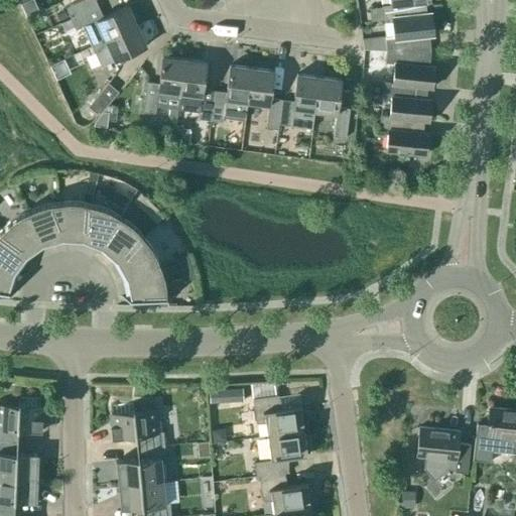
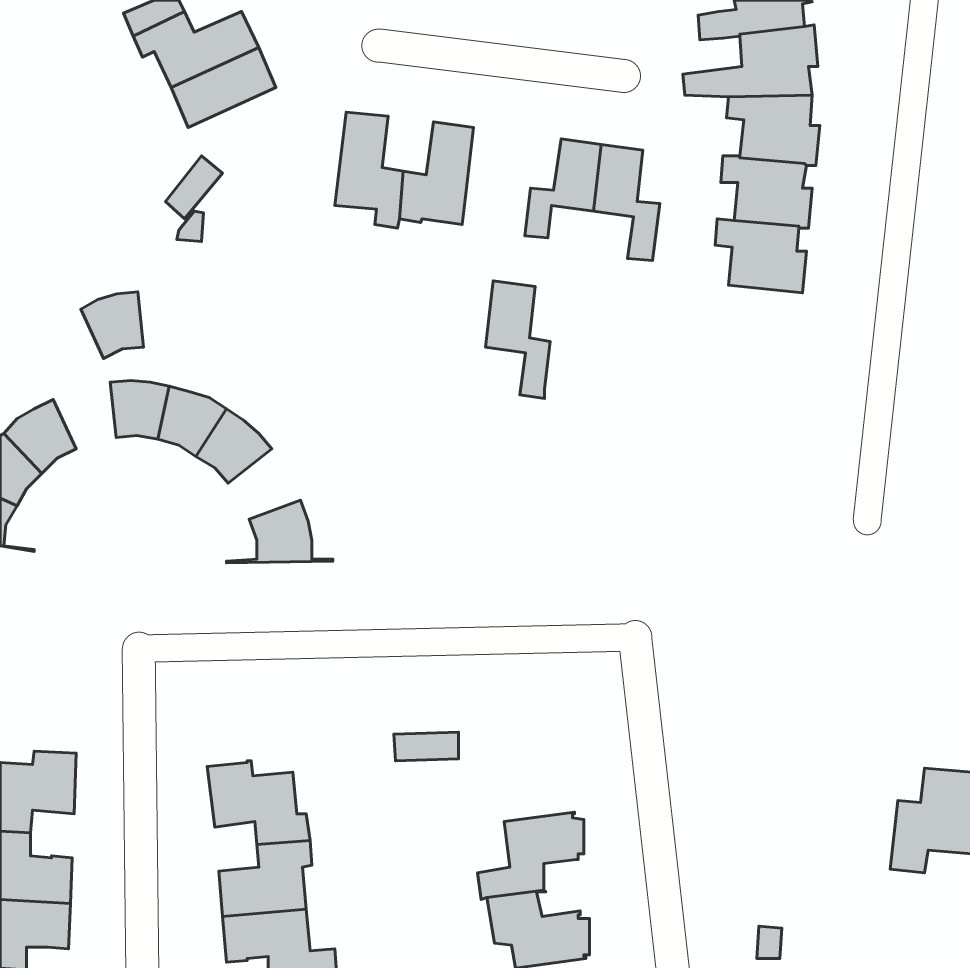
building: [143,58,184,116] -> none
building: [248,70,282,132] -> [486,281,550,399]
building: [29,205,62,240] -> [81,292,143,358]
building: [122,240,160,277] -> none
building: [253,397,307,437] -> none
building: [417,428,471,483] -> none

